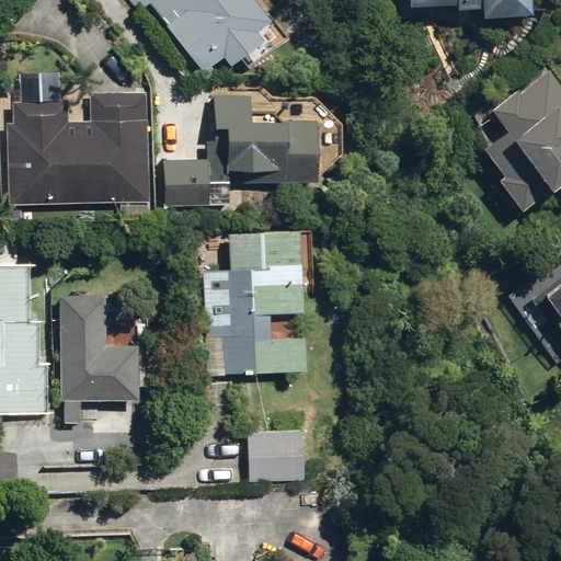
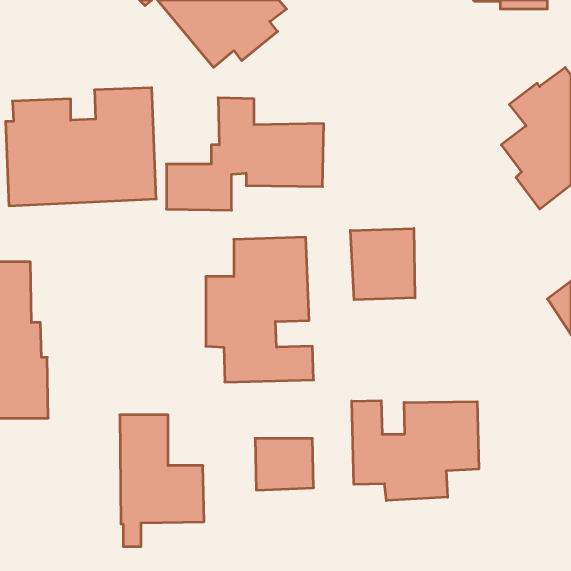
building: none -> [350,228,415,300]
building: [61,293,144,421] -> [120,415,204,546]
building: none -> [352,401,479,501]

